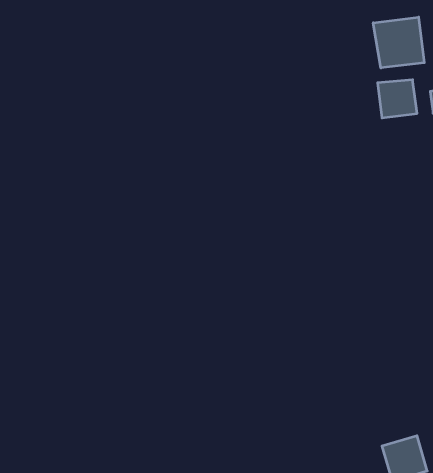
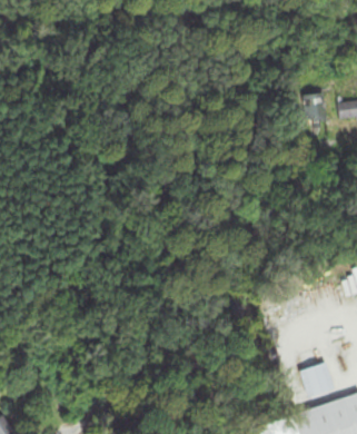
building: [373,17,424,68] -> none

